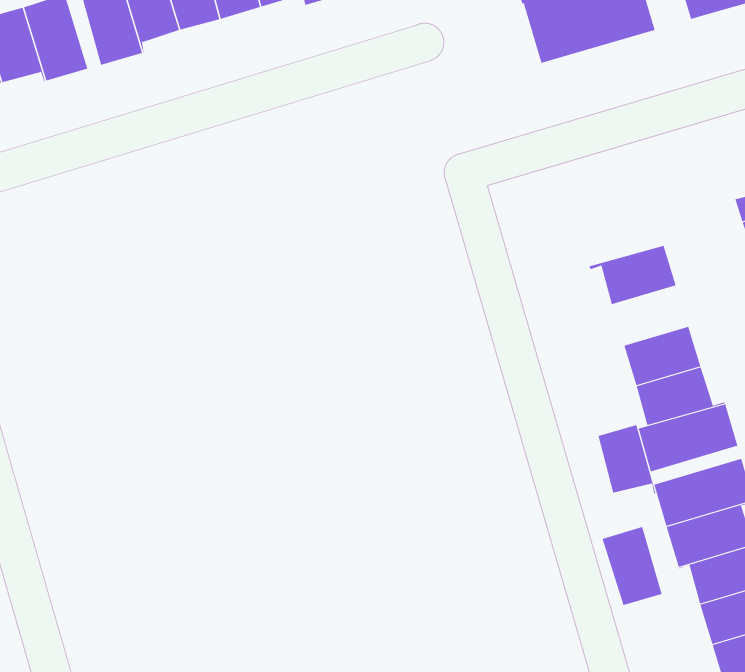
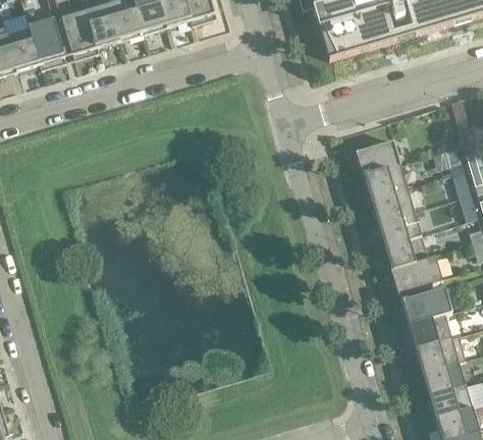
building: none -> [350,138,399,174]
building: none -> [369,185,414,220]
building: [598,416,656,494] -> none
building: [602,526,666,606] -> none

